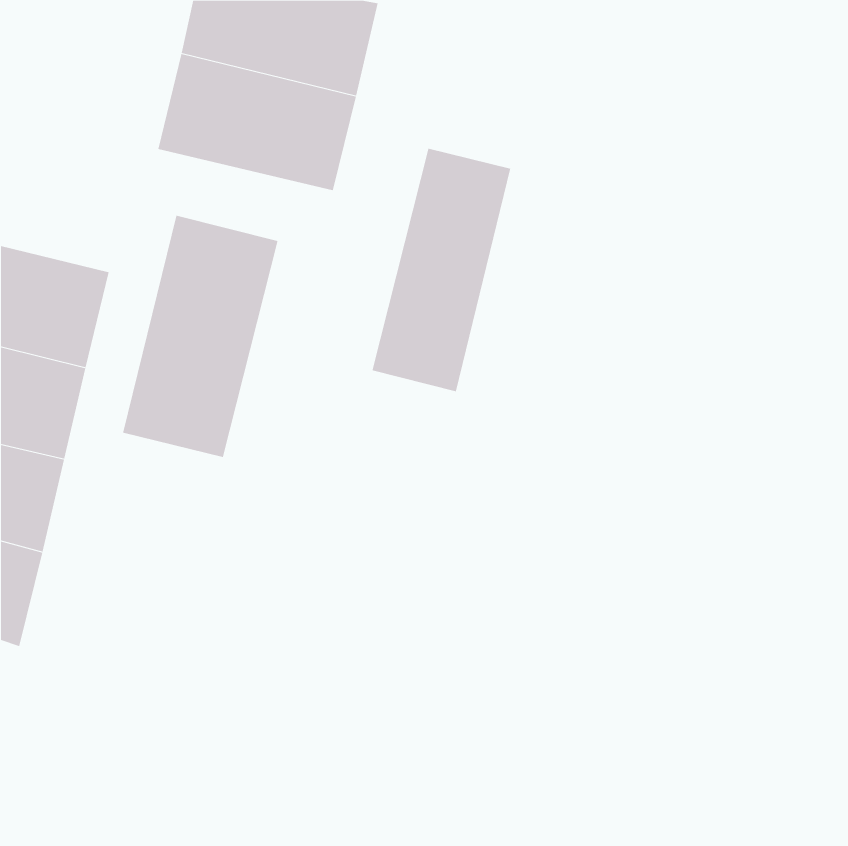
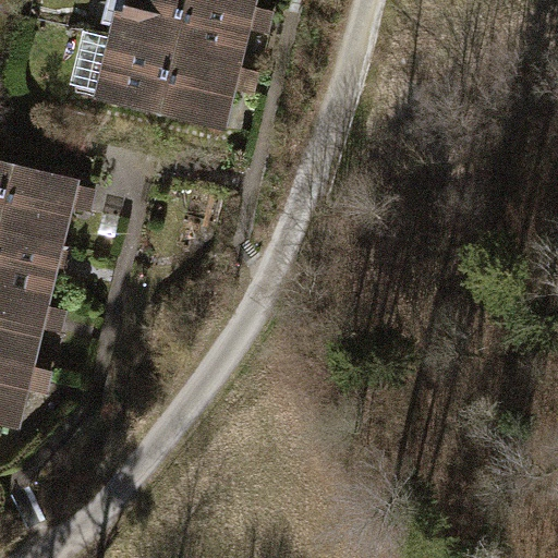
building: [372,148,511,392] -> none
building: [123,215,278,458] -> none

